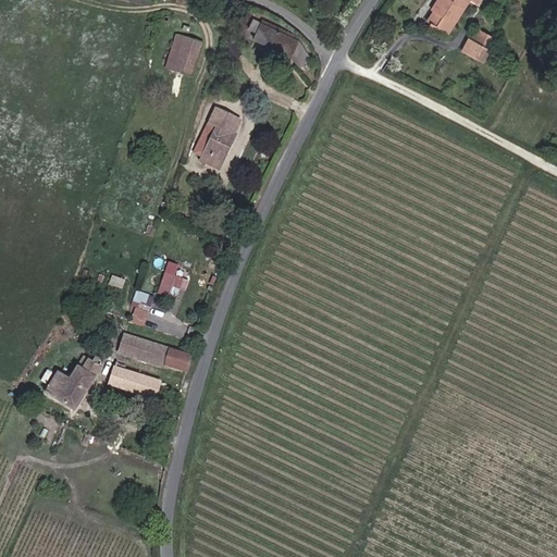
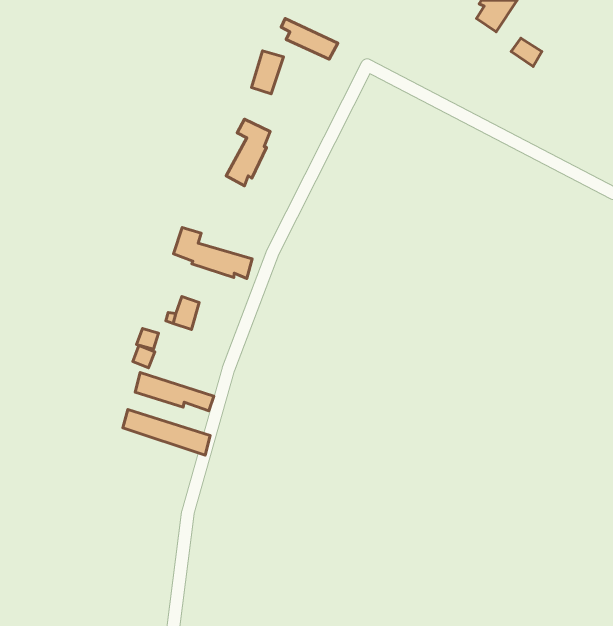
building: [175,36,203,74] -> [251,51,283,94]
building: none -> [173,228,252,278]
building: [46,358,103,410] -> none

